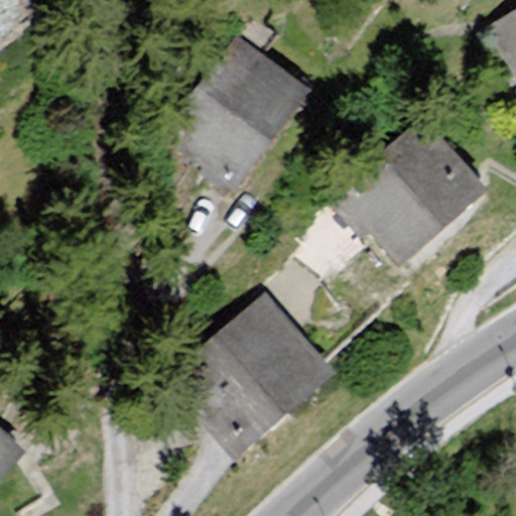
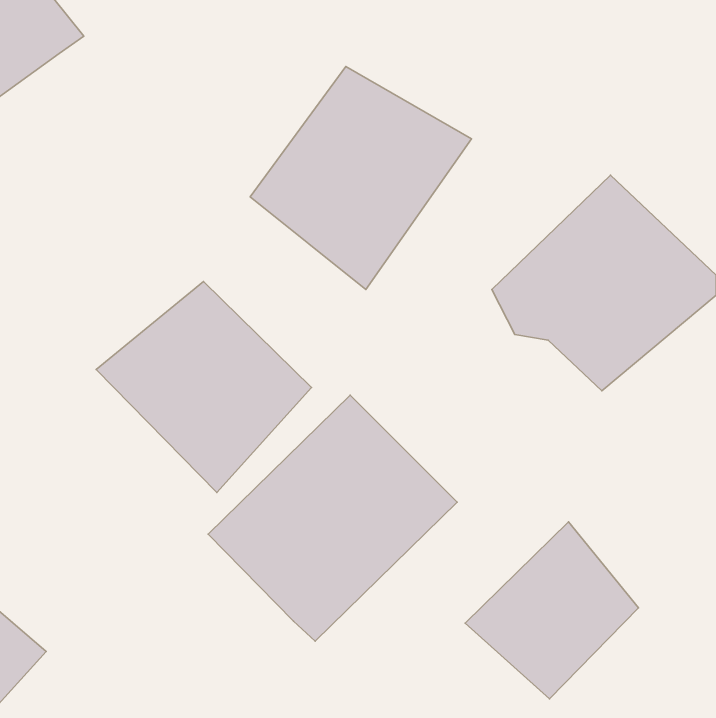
building: none -> [96,281,312,493]
building: none -> [465,522,639,699]

